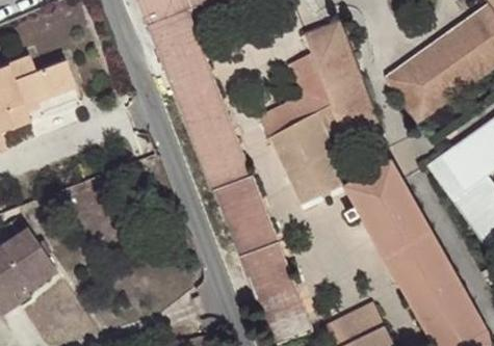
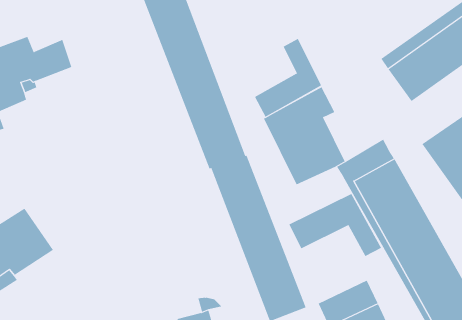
building: [295,22,382,144] -> none
building: none -> [289,193,382,257]

